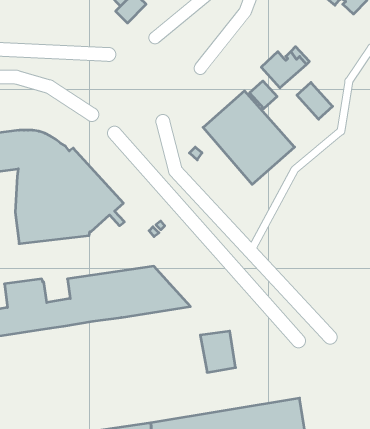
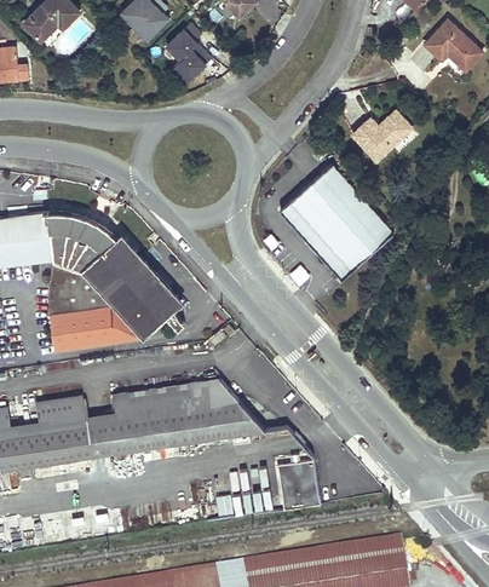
building: [250,81,277,109] -> none
building: [297,82,333,119] -> none

